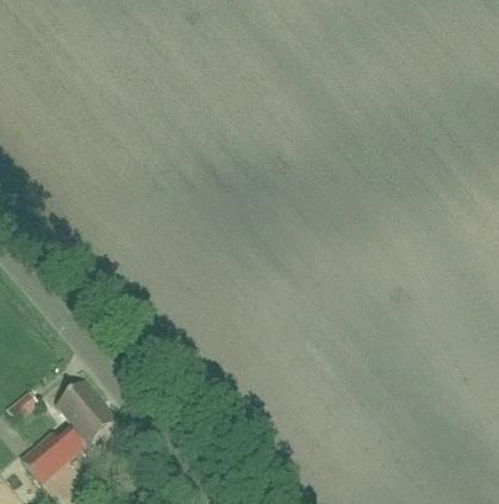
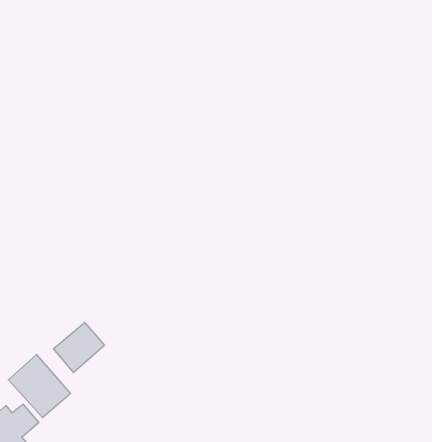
building: none -> [54,323,105,373]

